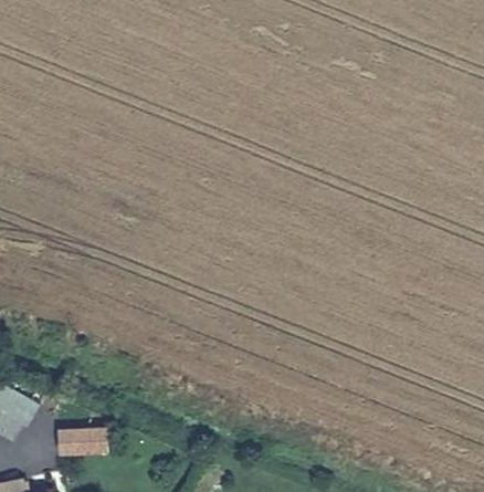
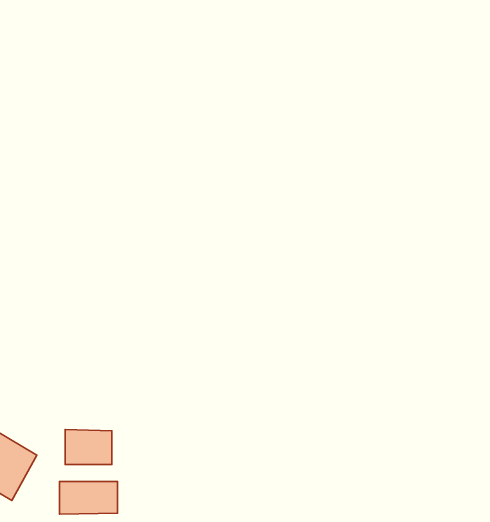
building: none -> [65,429,112,465]

